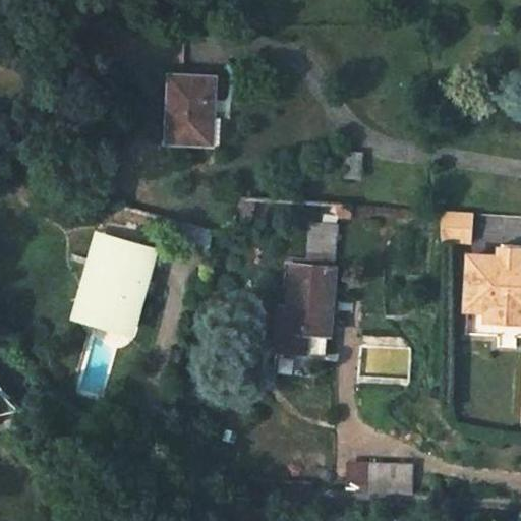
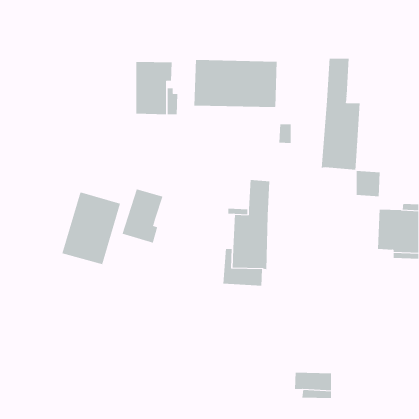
building: none -> [321,58,360,171]
building: none -> [194,59,277,108]
building: none -> [122,188,163,243]

